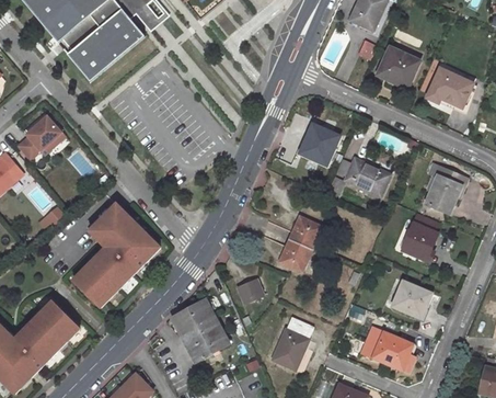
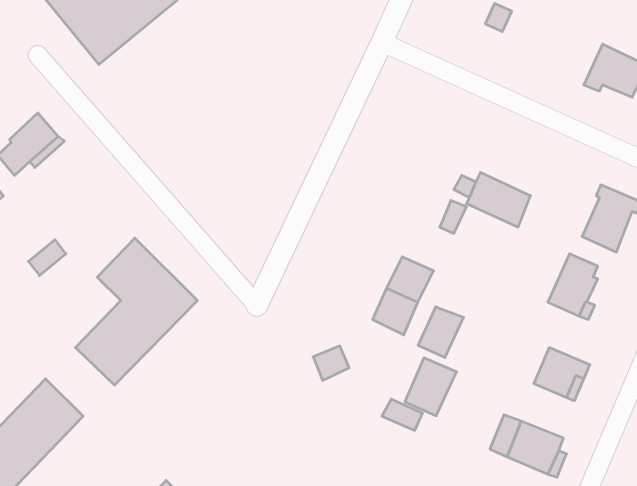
building: [377,45,419,86] -> none
building: [299,123,341,164] -> none
building: none -> [418,307,464,358]
building: [171,298,229,362] -> none
building: [273,328,309,368] -> [405,358,457,416]

